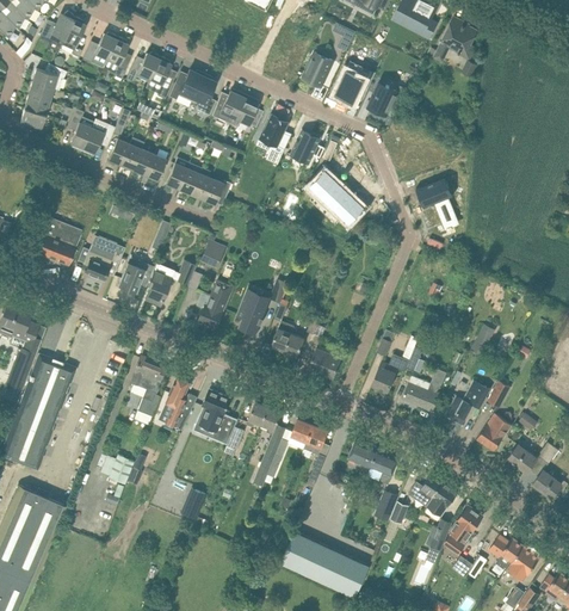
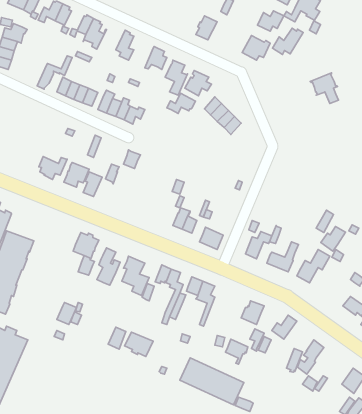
building: [167,69,203,100] -> none
building: none -> [273,28,303,54]
building: [332,70,369,99] -> [257,11,284,31]
building: [211,90,243,125] -> none
building: [67,109,93,150] -> none
building: none -> [167,93,196,113]
building: [414,177,453,220] -> [310,73,338,104]
building: [36,217,81,265] -> none
building: [197,280,231,328] -> none
building: [236,295,267,333] -> none
building: [476,415,511,450] -> [321,226,346,251]
building: [347,440,378,475] -> [226,339,248,364]
building: [425,480,457,516] -> none
building: none -> [124,332,153,356]
building: [488,535,521,568] -> none

